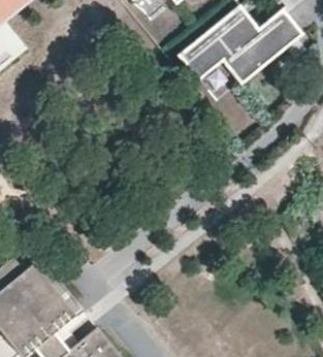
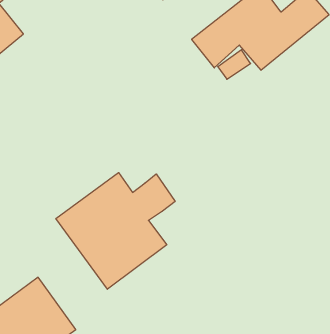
building: none -> [56,173,175,289]

